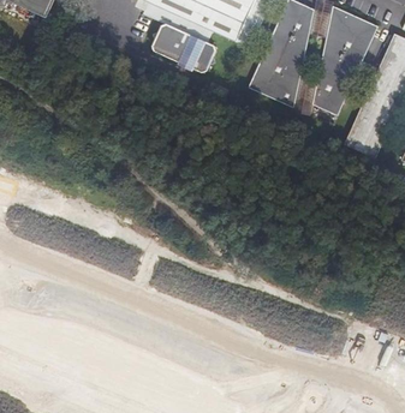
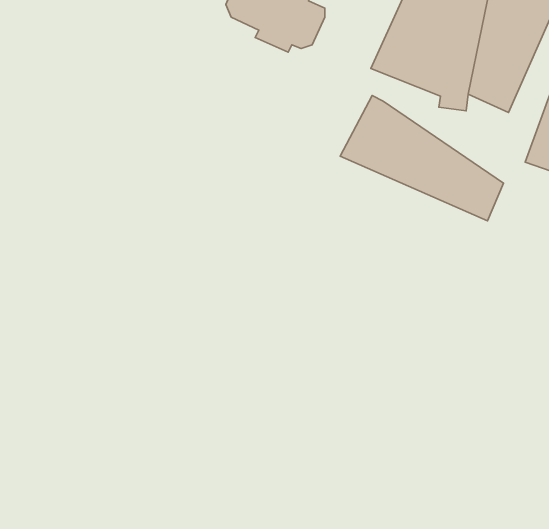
building: none -> [340,95,503,221]

